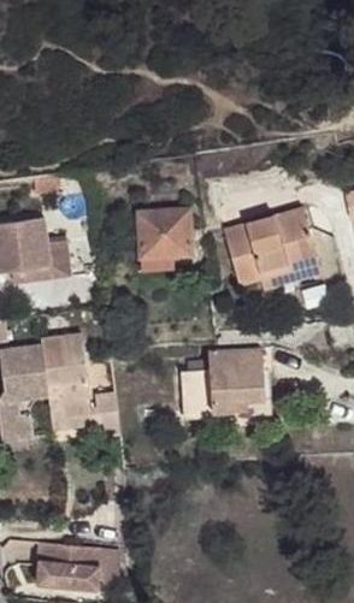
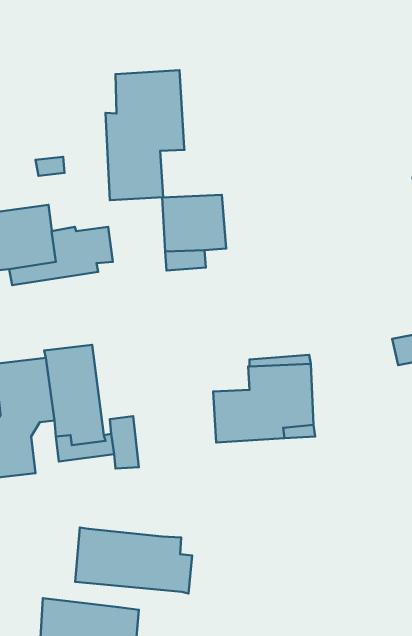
building: none -> [106,70,184,200]
building: [225,208,321,289] -> none
building: none -> [75,527,192,593]

